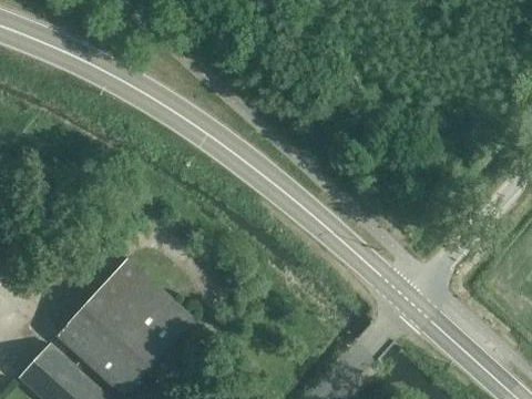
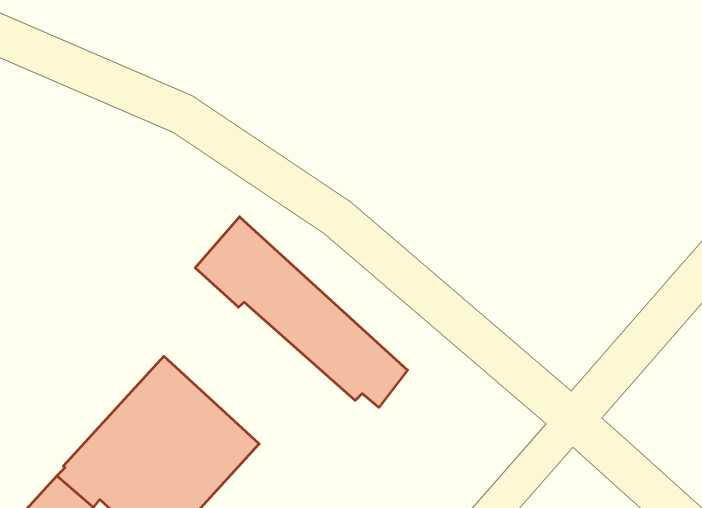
building: none -> [195,217,408,407]

